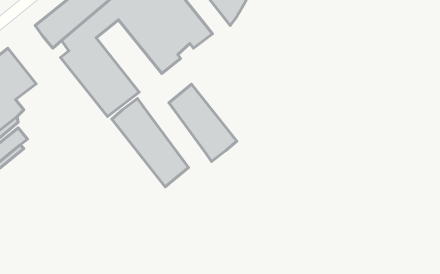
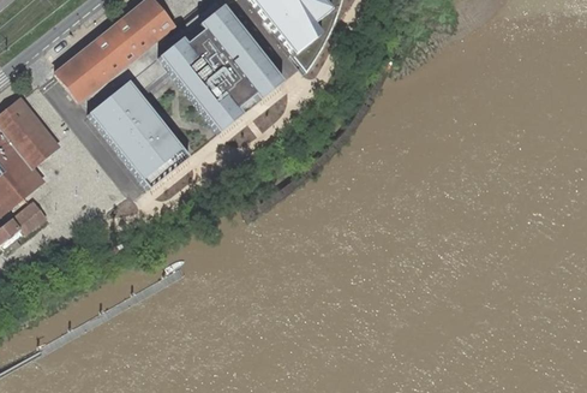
building: [169,84,237,161] -> none
building: [112,98,189,187] -> none

